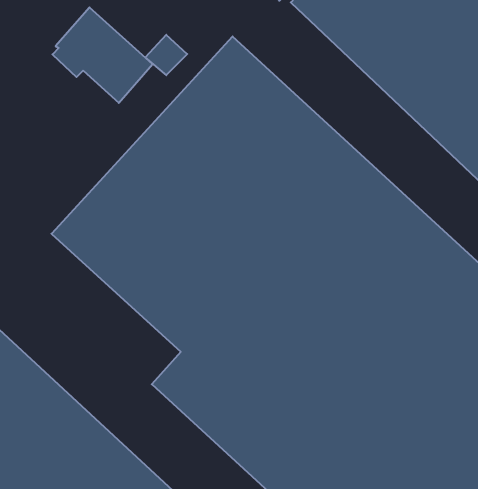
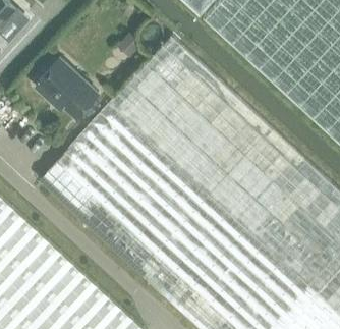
building: [52,7,153,103] -> [36,58,99,118]
building: none -> [39,160,138,255]

